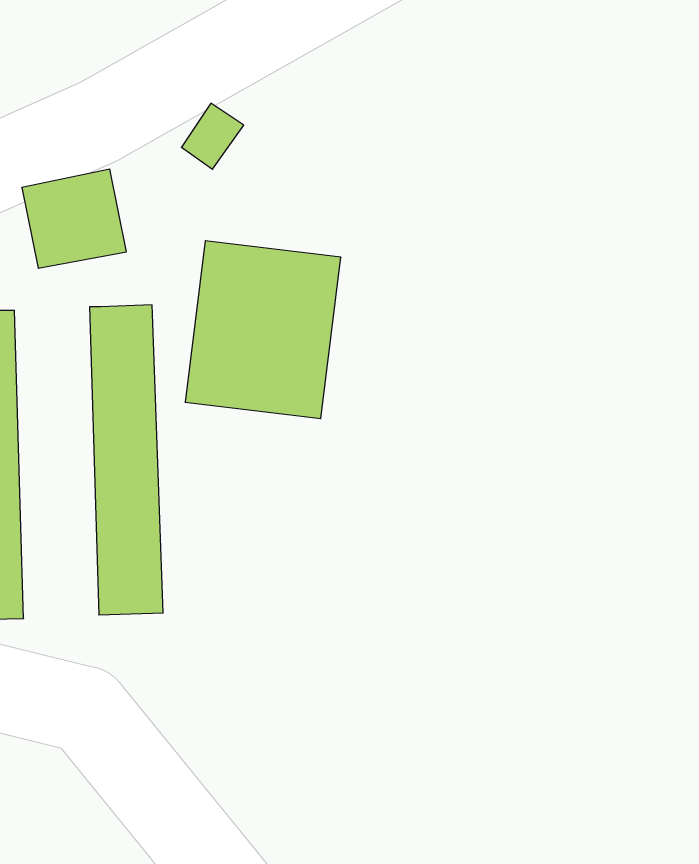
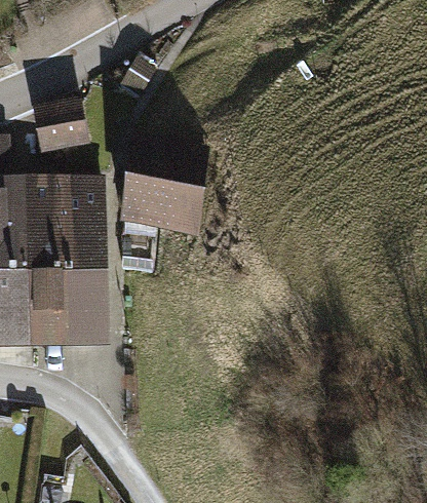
building: none -> [25,172,72,347]

